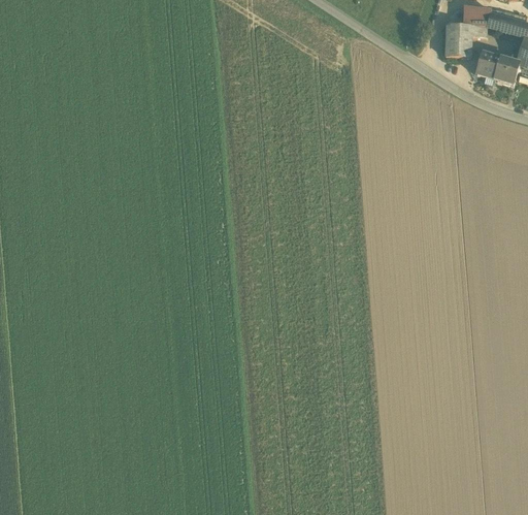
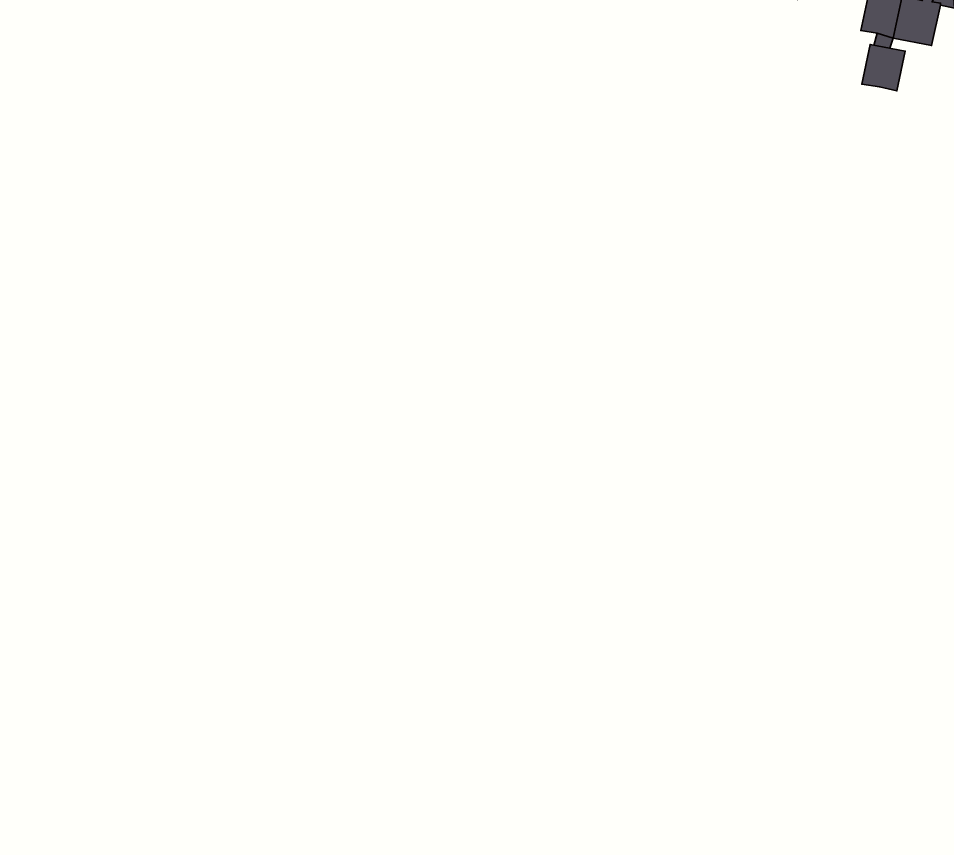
building: none -> [862,45,905,91]

